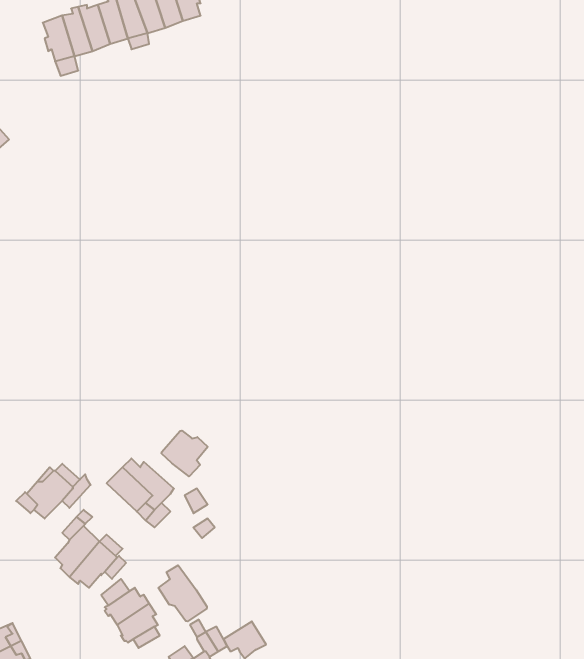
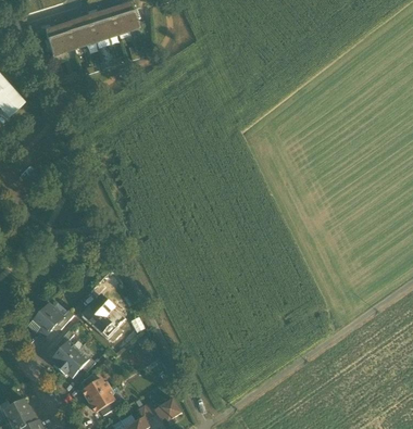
building: [162,431,208,476] -> none
building: [158,565,207,621] -> none

